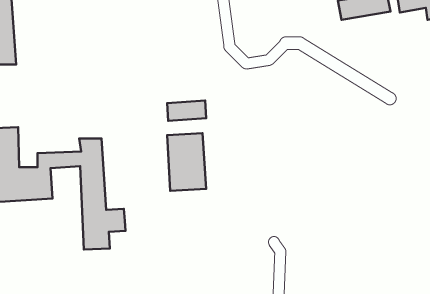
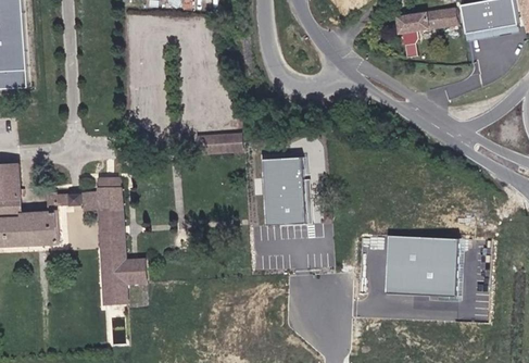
building: [167,133,206,191] -> [259,158,304,225]
building: none -> [382,236,456,296]

